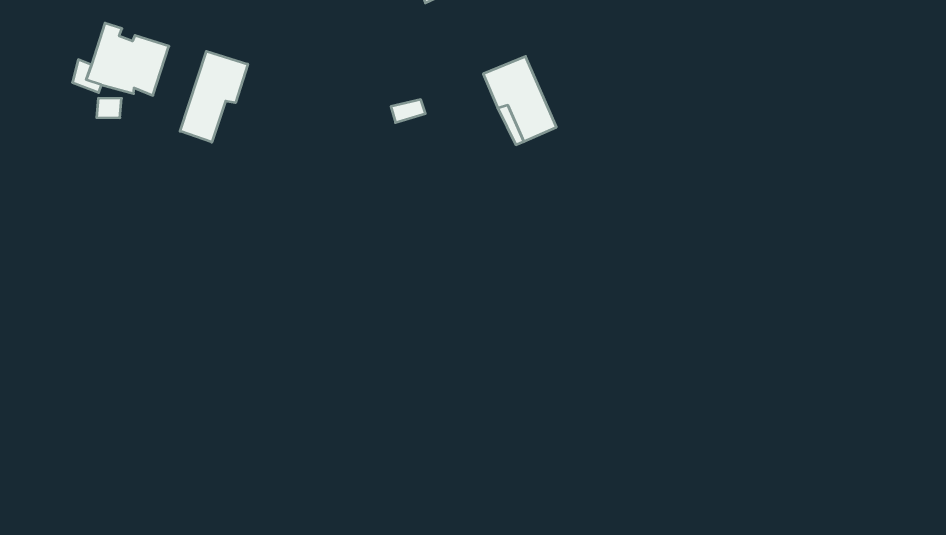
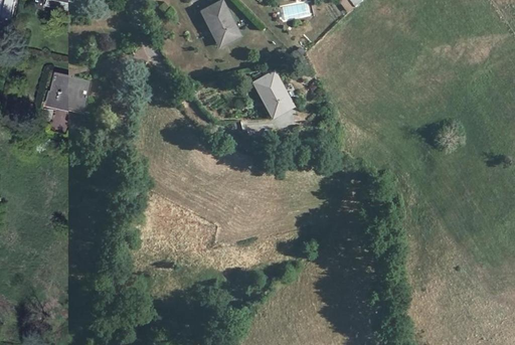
building: [180,51,248,142] -> none

